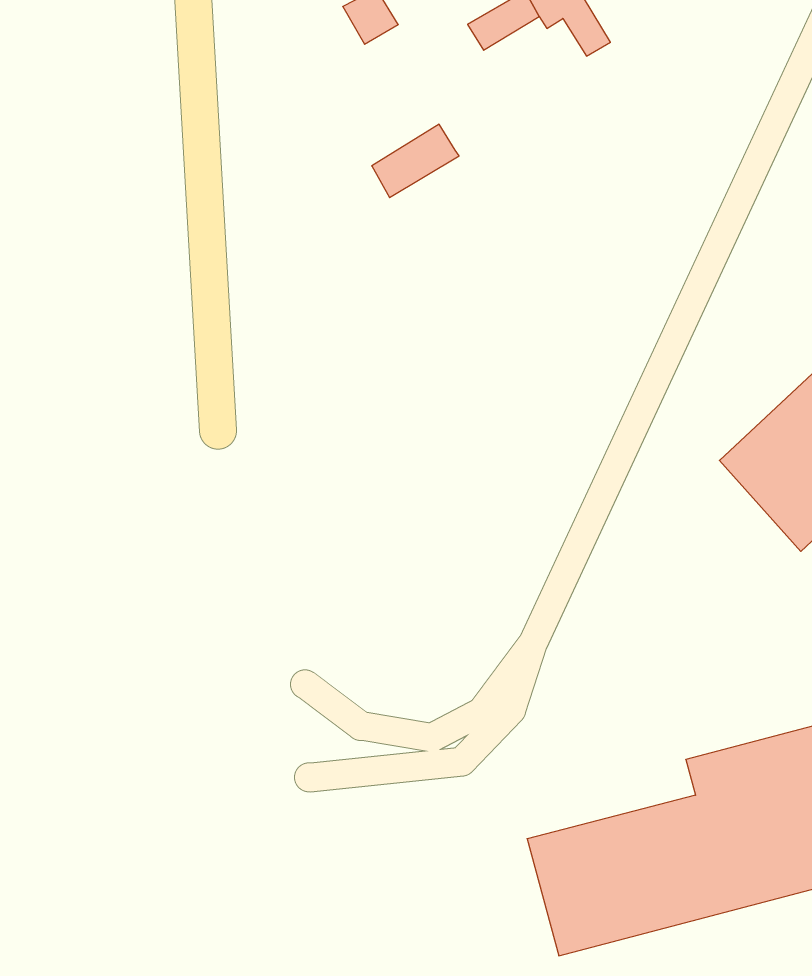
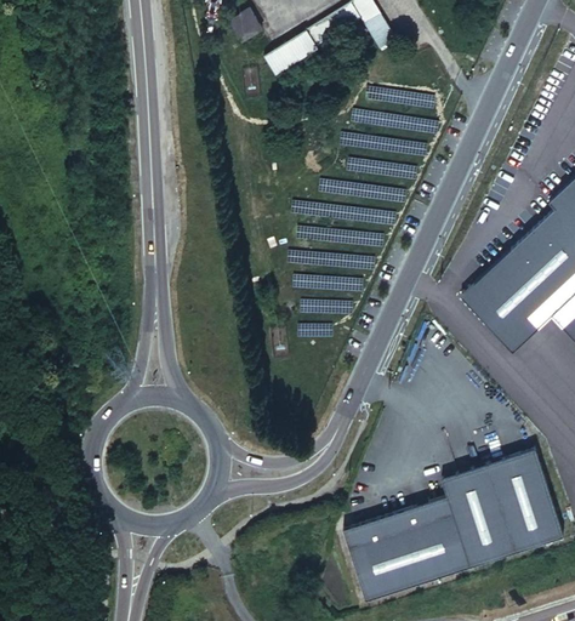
building: [372,124,459,198] -> [267,28,320,73]

